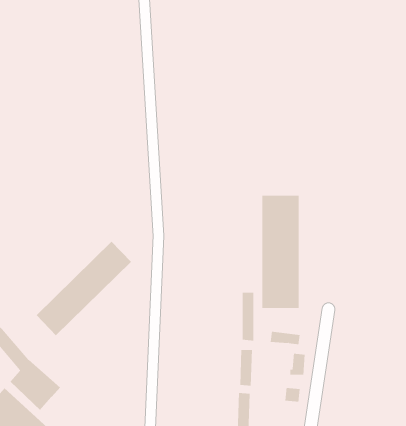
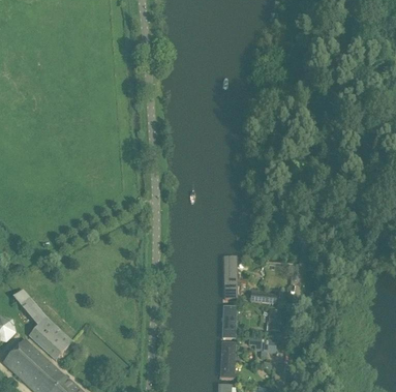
building: [262,195,299,309] -> none
building: [36,241,132,336] -> none

